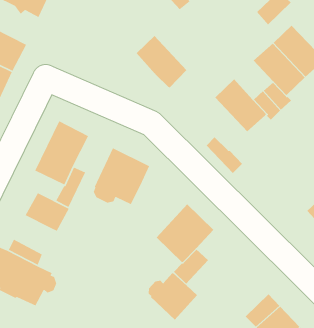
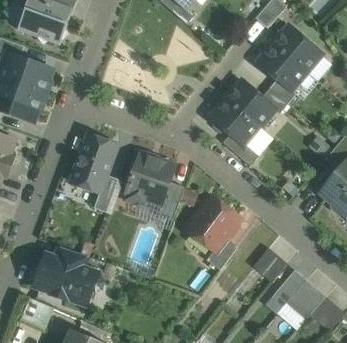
building: [136,35,187,88] -> [211,99,259,145]
building: none -> [157,182,184,221]
building: [25,192,70,232] -> none
building: none -> [253,248,287,283]
building: [148,272,198,320] -> none

